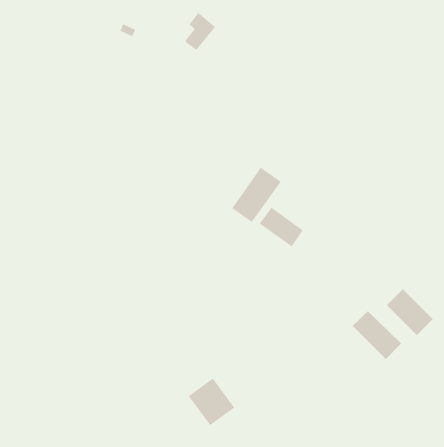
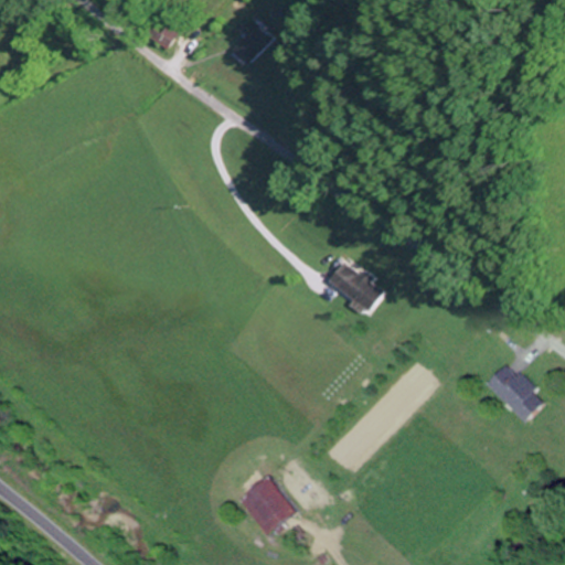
building: [231,167,281,223] -> none
building: [352,311,402,360] -> none

